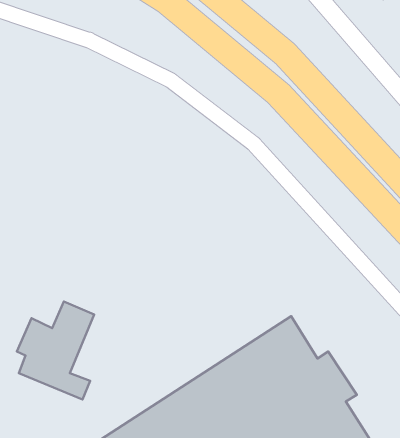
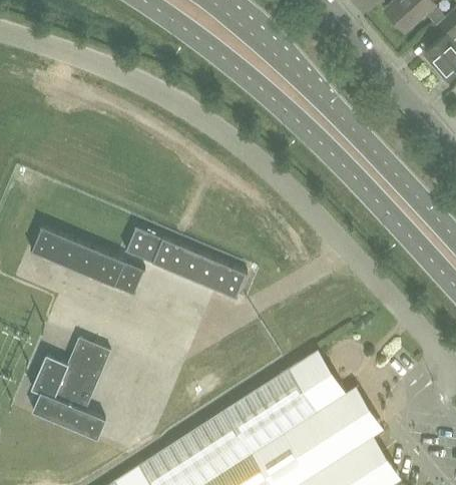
building: none -> [30,225,145,294]
building: none -> [124,225,248,298]

